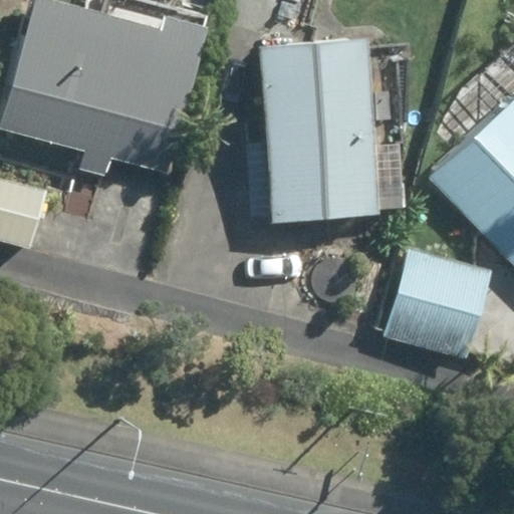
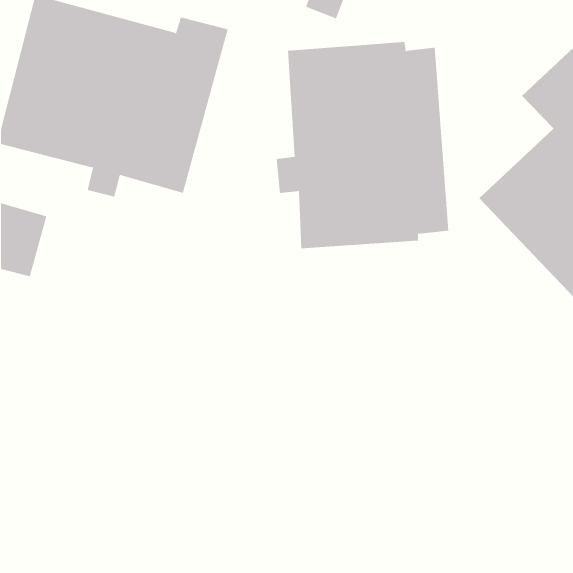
building: [383,249,489,358] -> none

